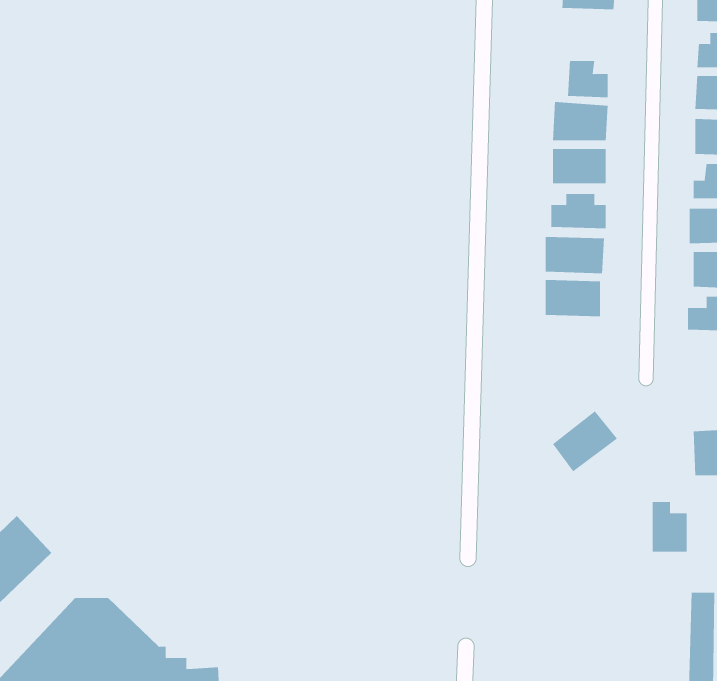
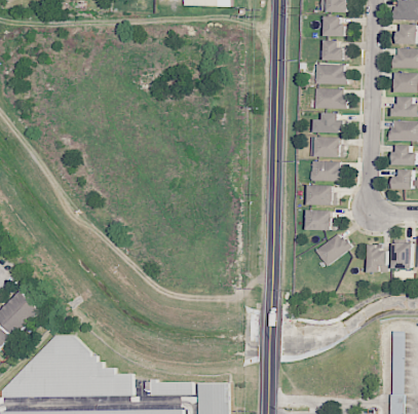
building: none -> [325,16,348,37]
building: none -> [308,185,336,205]
building: none -> [307,210,335,230]
building: [652,502,688,552] -> [369,244,388,272]

